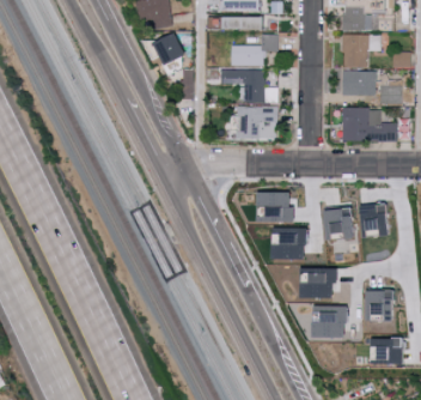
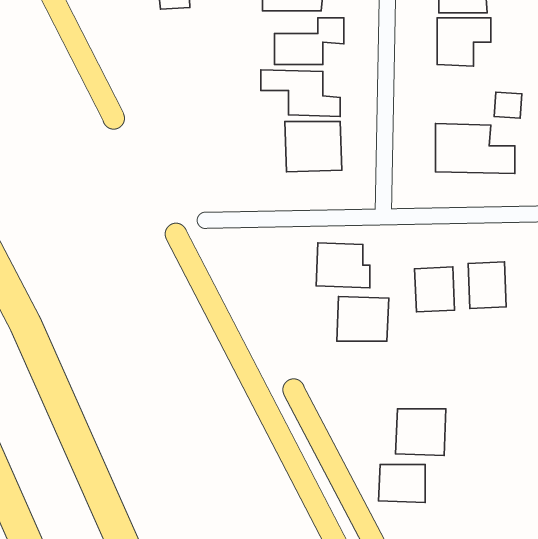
building: [147,34,185,65] -> none
building: [342,69,374,96] -> none
building: [301,271,334,297] -> none
building: [367,289,395,319] -> none
building: [372,337,404,363] -> [379,465,425,503]

